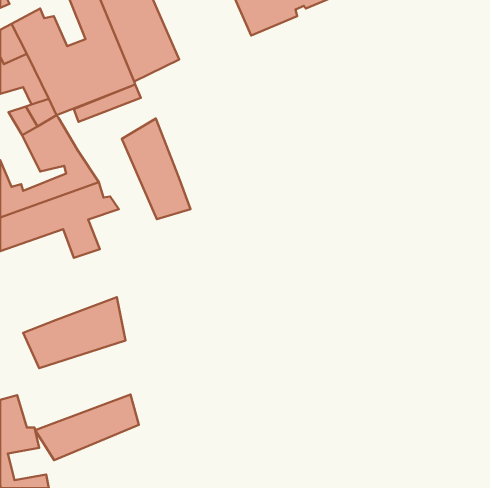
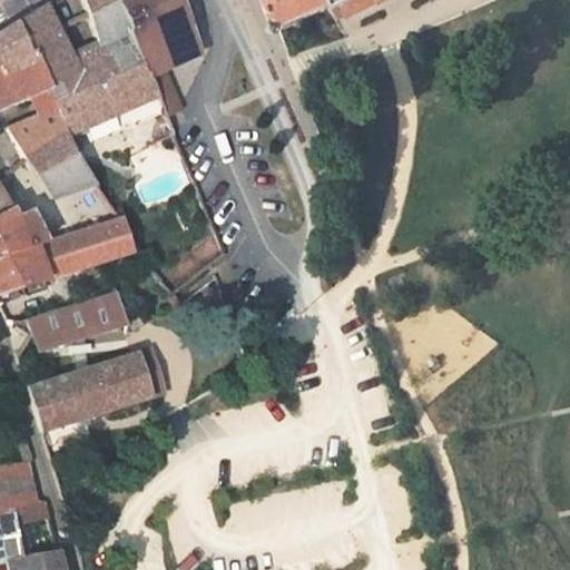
building: [122,118,191,219] -> none
building: none -> [16,289,135,338]
building: [35,395,139,460] -> none

